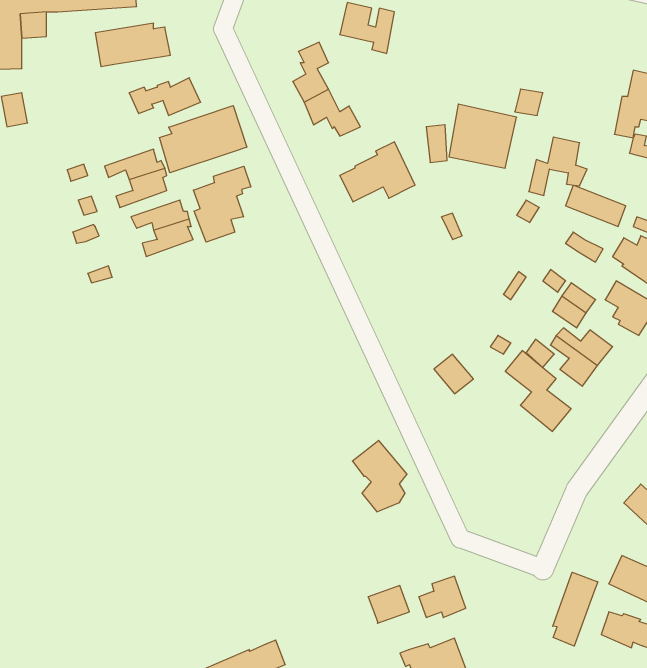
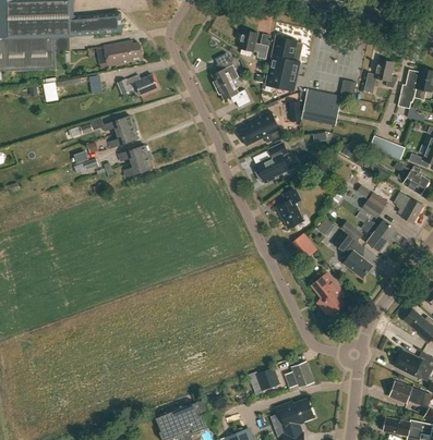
building: none -> [265,37,302,90]
building: [160,106,247,173] -> none
building: [529,137,587,195] -> [363,59,397,93]
building: [193,166,251,242] -> none
building: none -> [254,142,288,183]
building: none -> [275,187,302,228]
building: [352,440,407,512] -> [311,272,342,314]
building: [553,572,598,646] -> none

